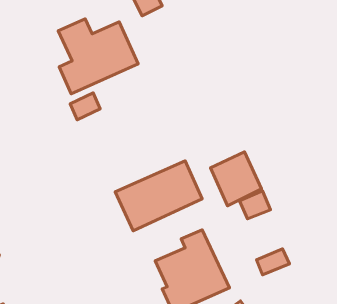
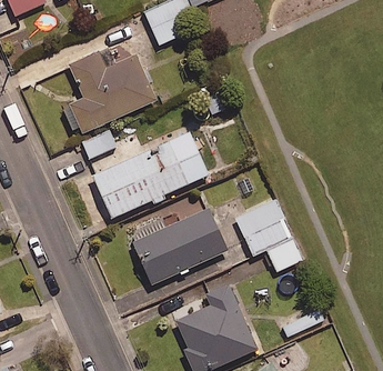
building: none -> [92,131,209,218]

